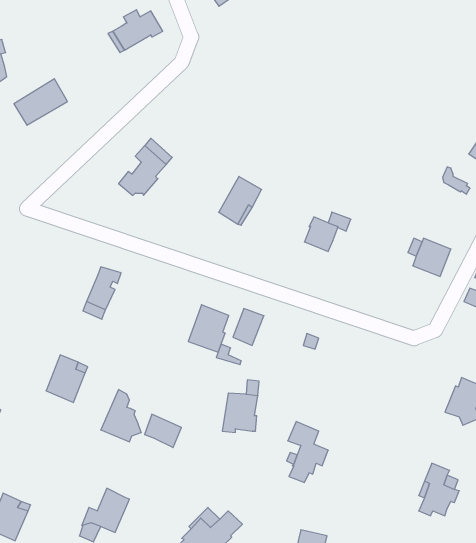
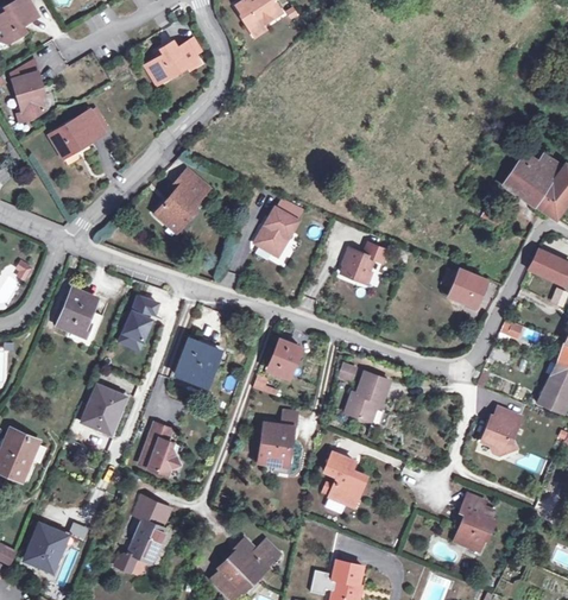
building: none -> [58,288,103,347]
building: [188,305,229,352] -> [177,337,217,385]
building: none -> [346,372,390,424]
building: [145,414,181,448] -> [134,494,171,528]

